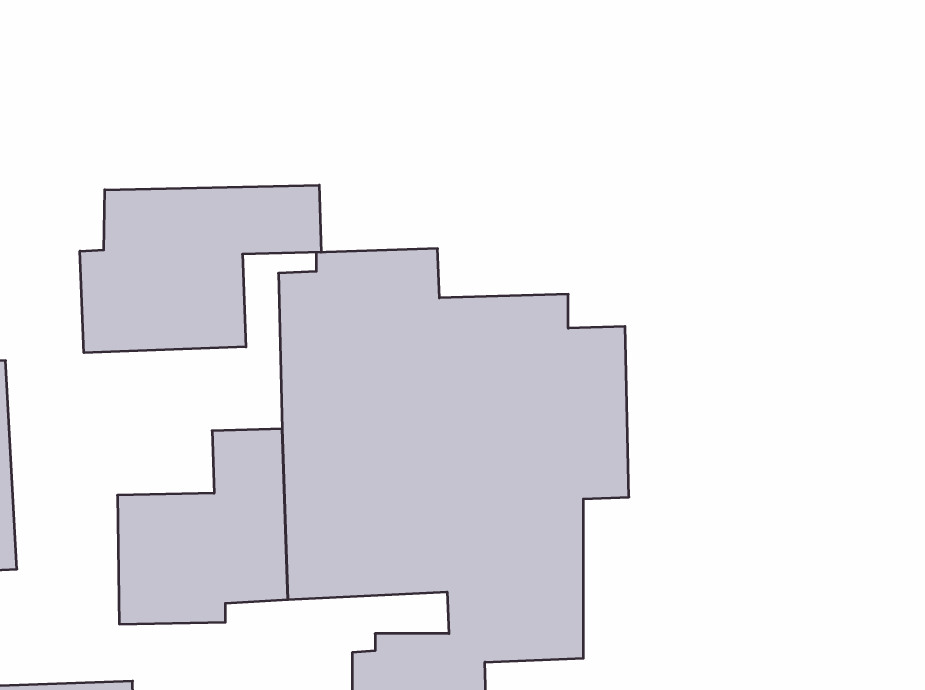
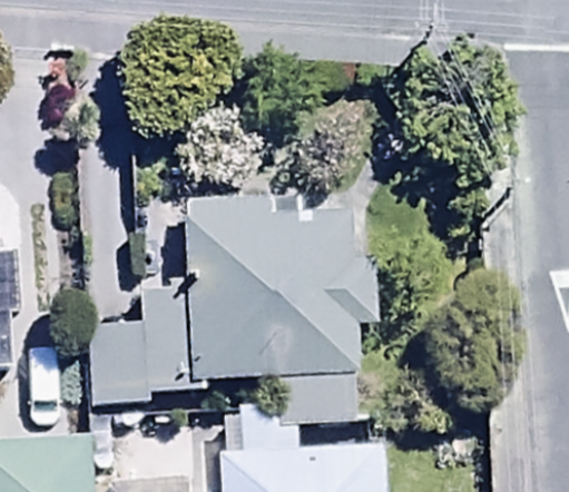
building: [80,185,321,353] -> none

